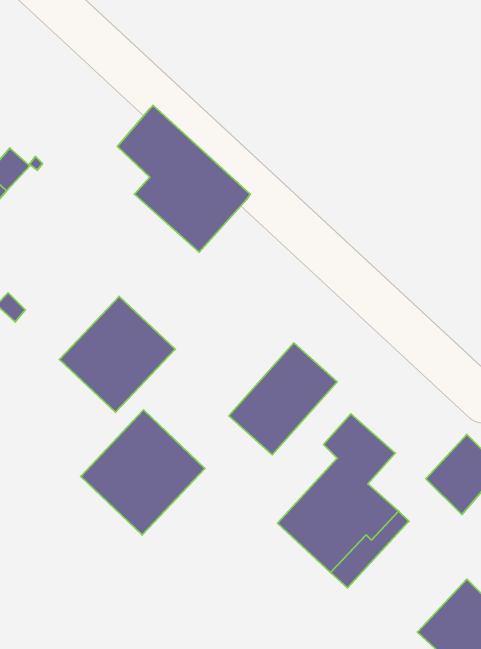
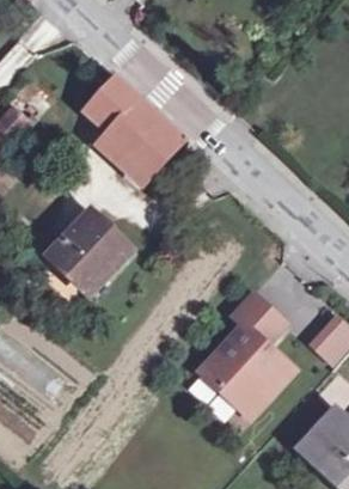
building: [229,343,337,455] -> none
building: [81,410,205,535] -> none

